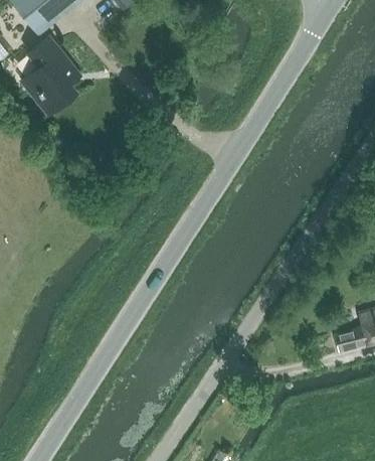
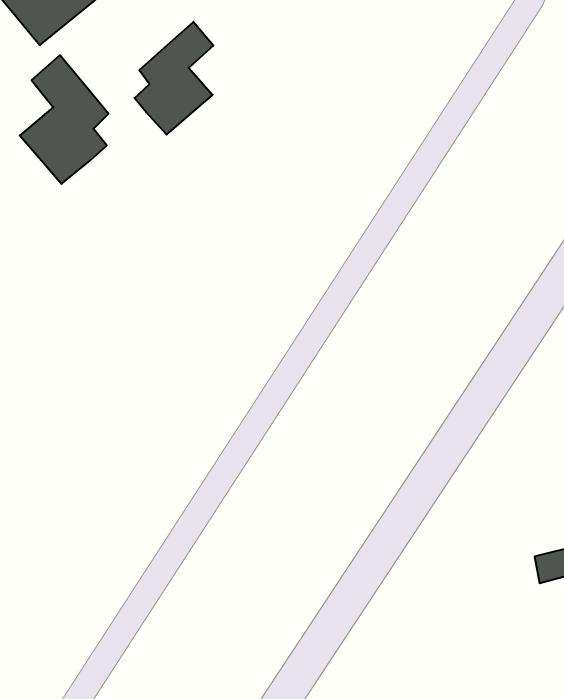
building: none -> [134,22,213,135]

